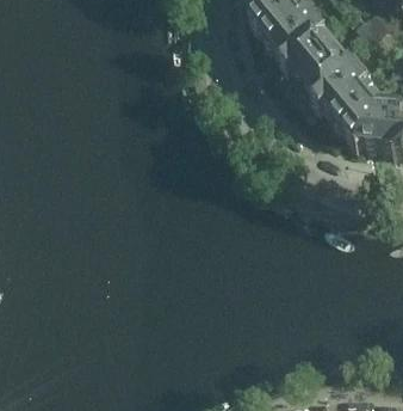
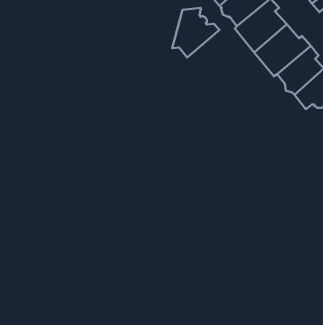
building: none -> [172,8,219,57]

